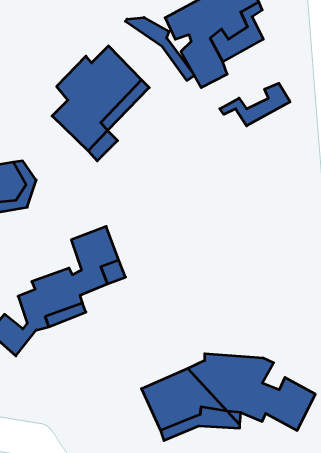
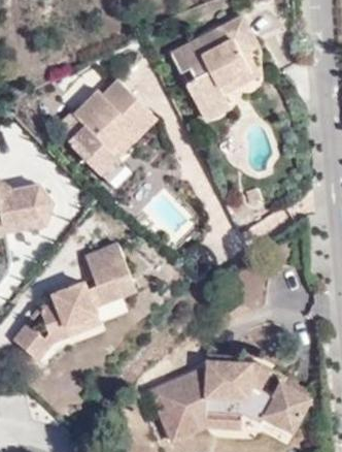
building: [125,17,194,80] -> none
building: [220,83,290,126] -> none

